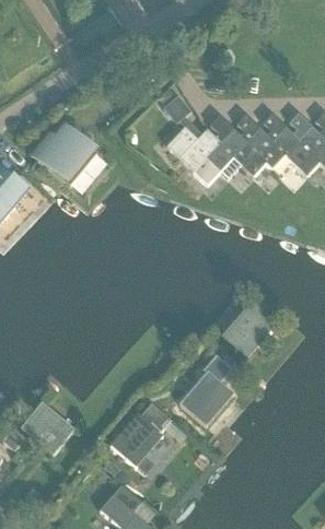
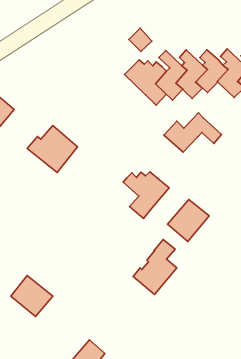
building: [32,124,96,184] -> [27,125,78,172]
building: none -> [164,113,222,152]
building: none -> [123,172,169,219]
building: [111,401,171,465] -> none

